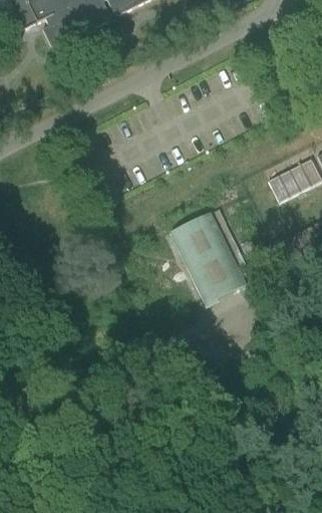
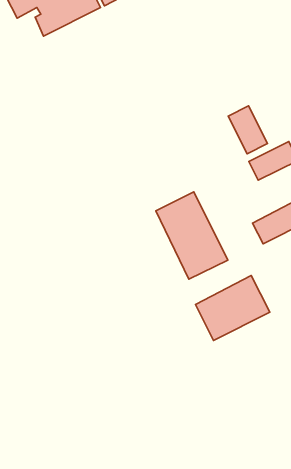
building: none -> [228,106,267,154]
building: none -> [195,276,270,340]

